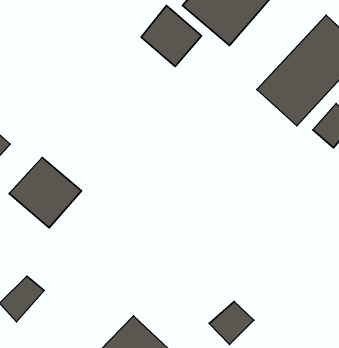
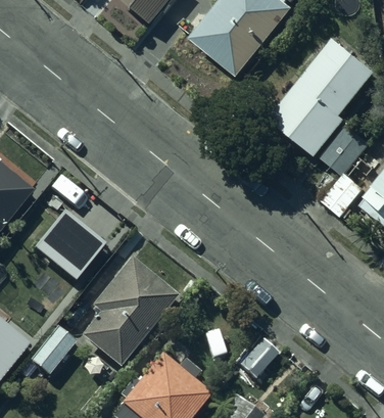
building: [141,5,202,67] -> none
building: none -> [85,256,186,367]

